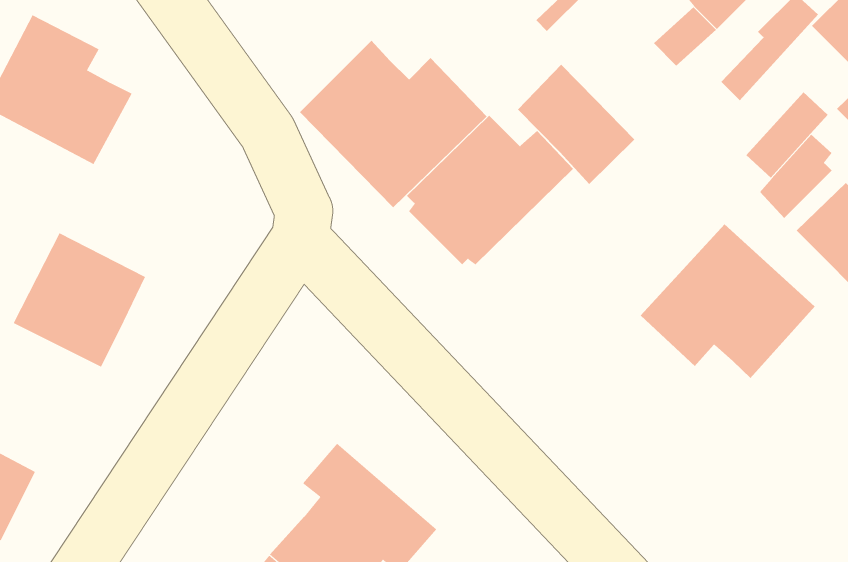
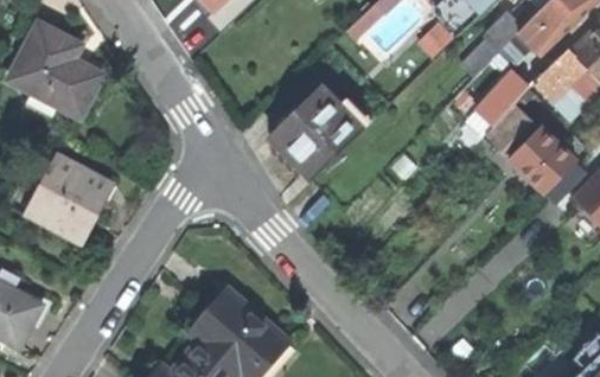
building: [299,40,487,208] -> none
building: [517,64,635,185] -> none
building: [640,223,816,379] -> none

